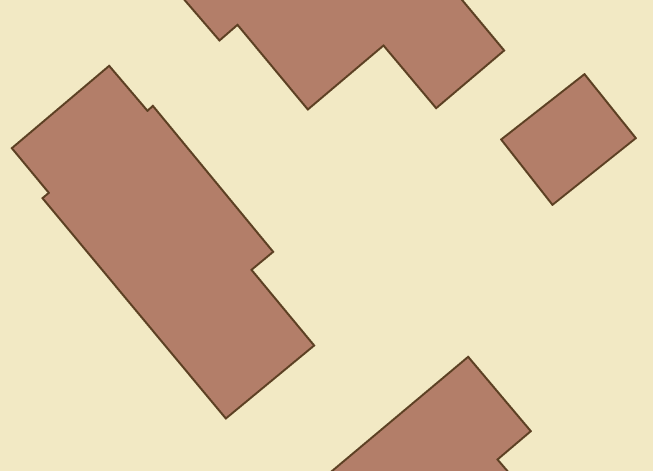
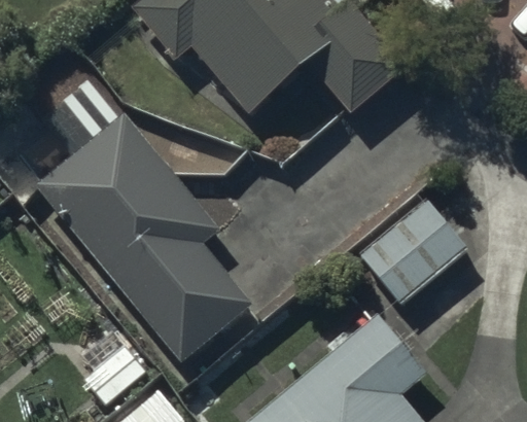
building: [501,74,636,205] -> [359,201,467,306]

